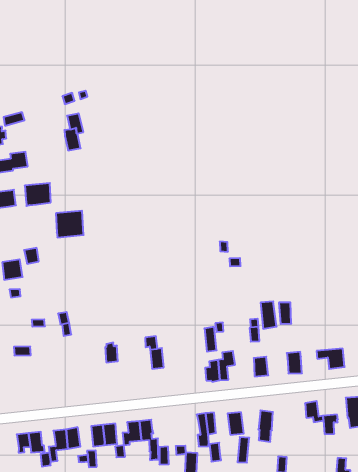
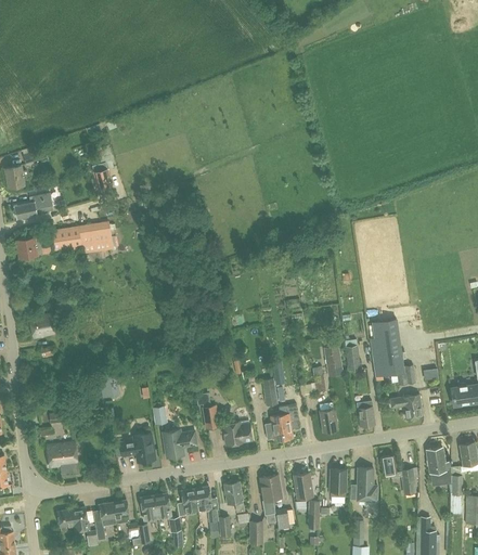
building: [56,211,84,237] -> [79,221,112,253]
building: none -> [370,318,415,384]
building: none -> [223,420,251,443]
building: none -> [163,429,197,456]
building: none -> [119,433,155,462]
building: none -> [47,441,78,475]
building: none -> [358,467,377,501]
building: none -> [223,480,244,511]

